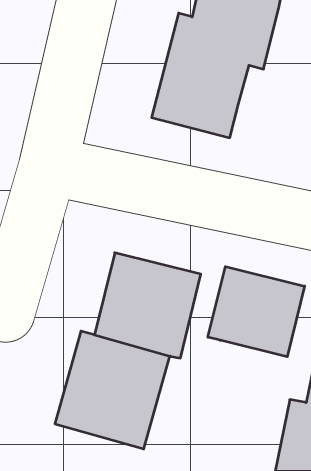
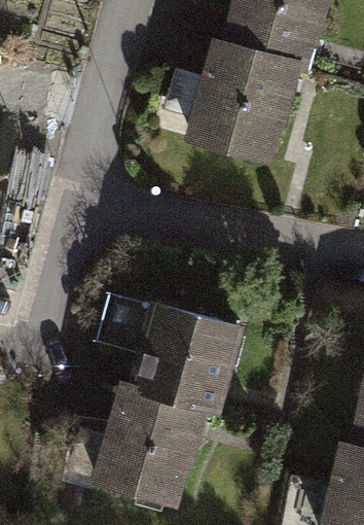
building: [208,267,305,357] -> none

